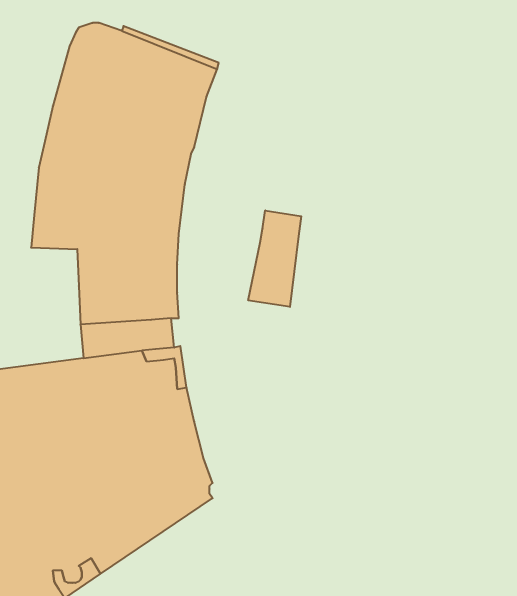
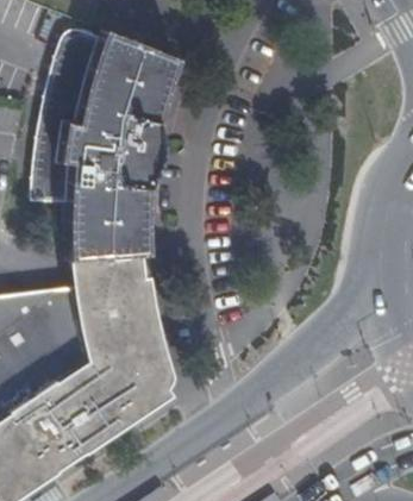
building: [248,210,301,307] -> none

